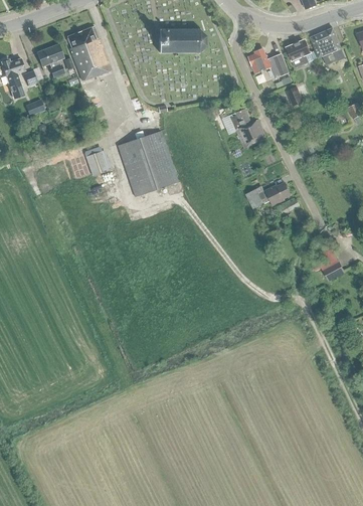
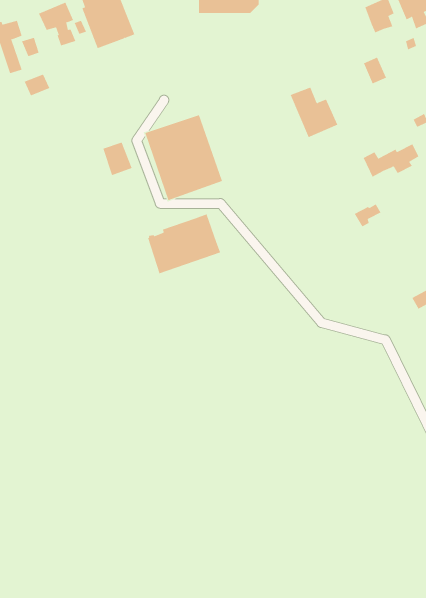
building: [248,49,287,78] -> none
building: [246,182,290,208] -> [363,144,419,178]
building: none -> [148,214,221,274]

